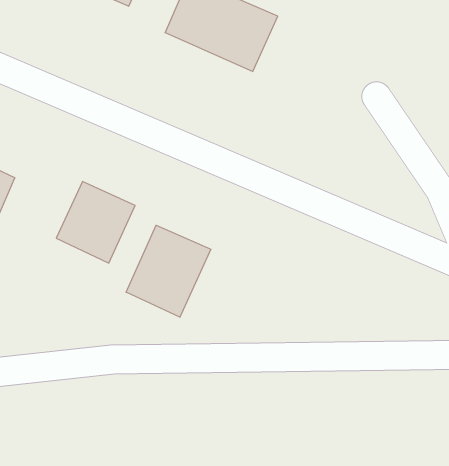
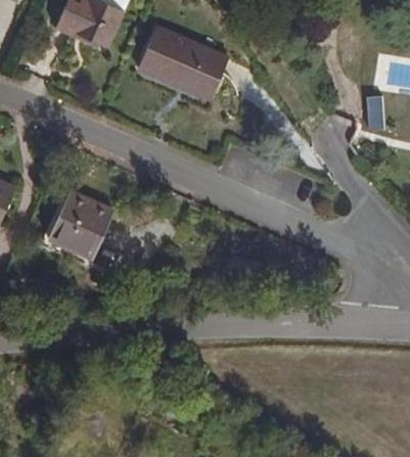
building: [126,225,211,317] -> none

